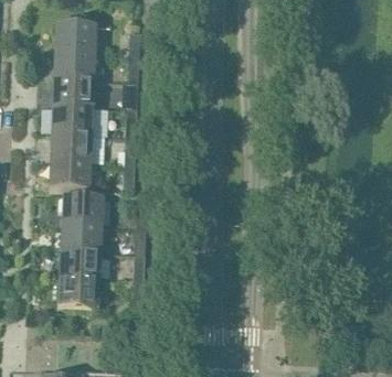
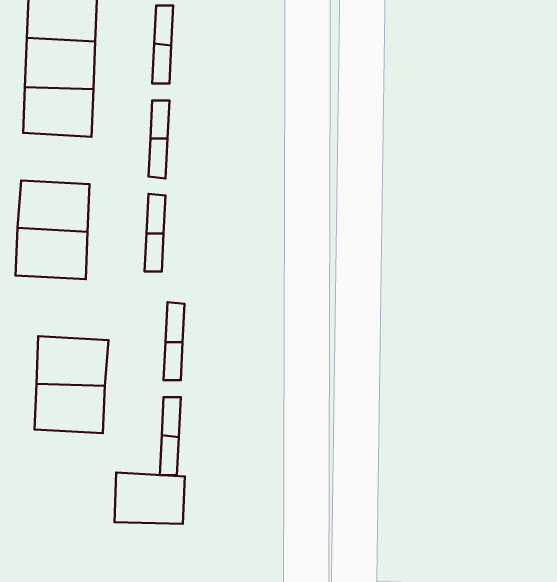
building: [52,105,93,134] -> none
building: [62,194,104,225] -> none
building: [59,277,99,306] -> [114,473,185,524]

